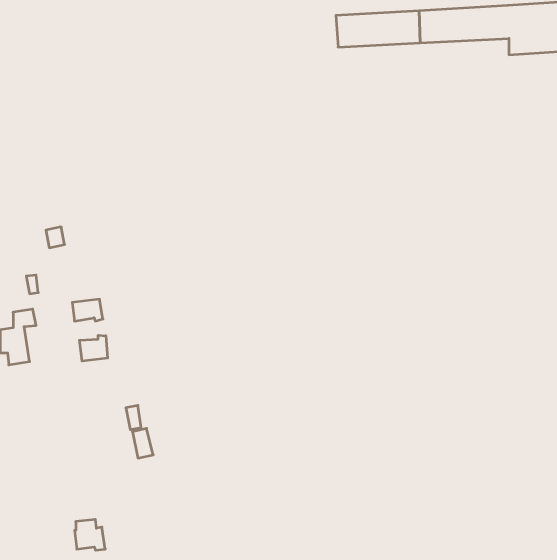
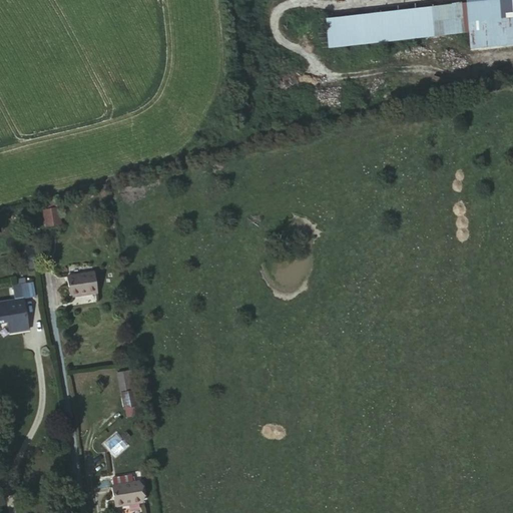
building: [79,335,108,361] -> none
building: [75,519,105,550] -> [113,475,141,503]

